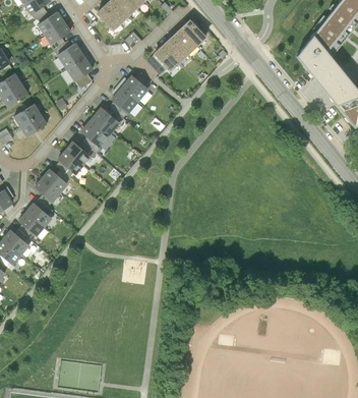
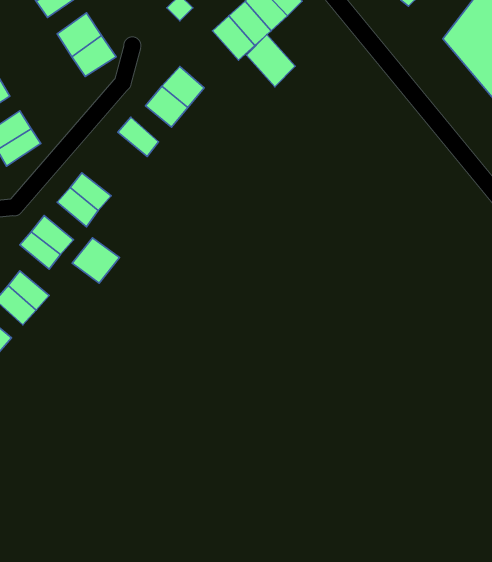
building: none -> [247,35,295,87]
building: [82,116,114,147] -> none
building: none -> [72,238,120,283]

